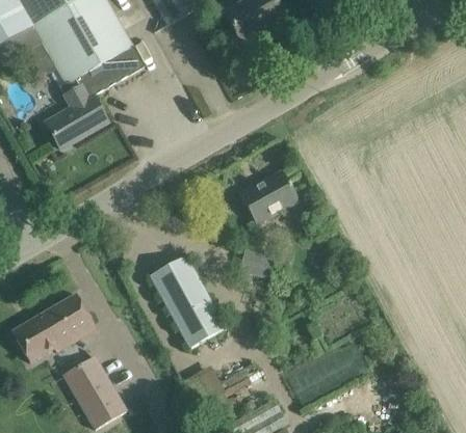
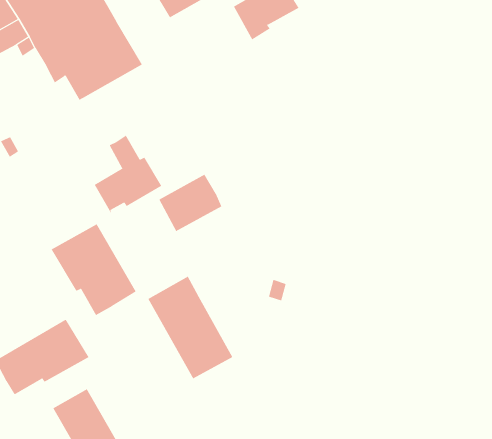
building: [45,76,106,147] -> [94,135,162,215]
building: [239,170,296,222] -> [158,174,222,232]
building: none -> [51,223,137,316]

